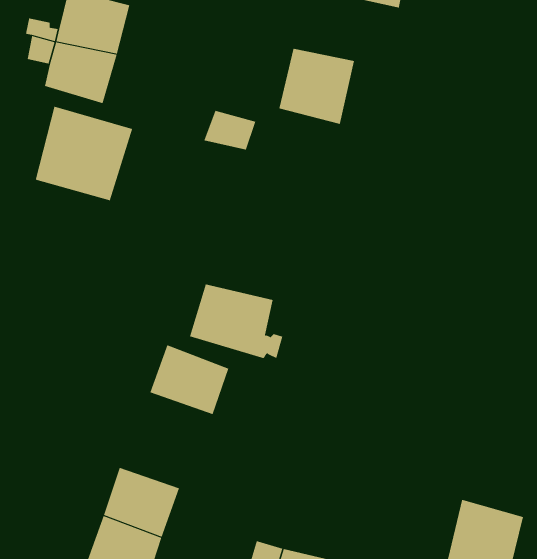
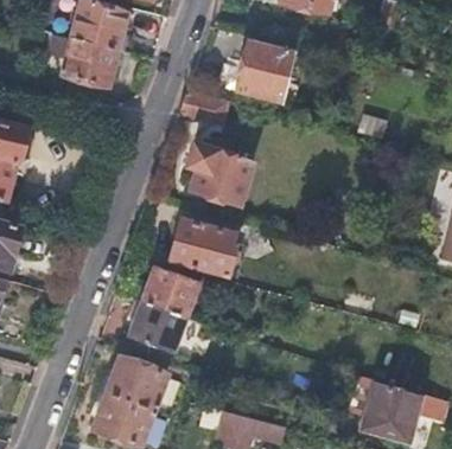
building: [35,106,133,201] -> none
building: none -> [191,136,253,205]
building: none -> [128,301,189,357]

